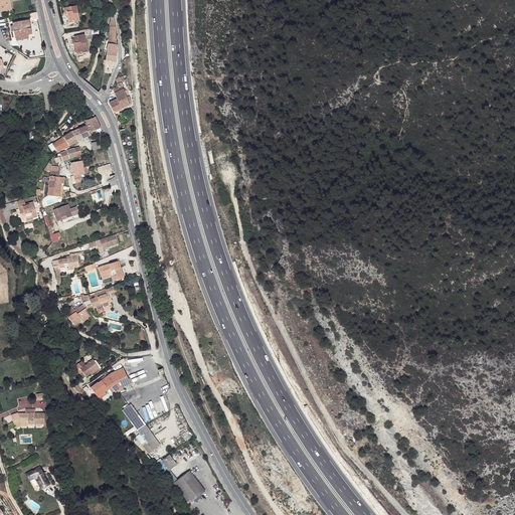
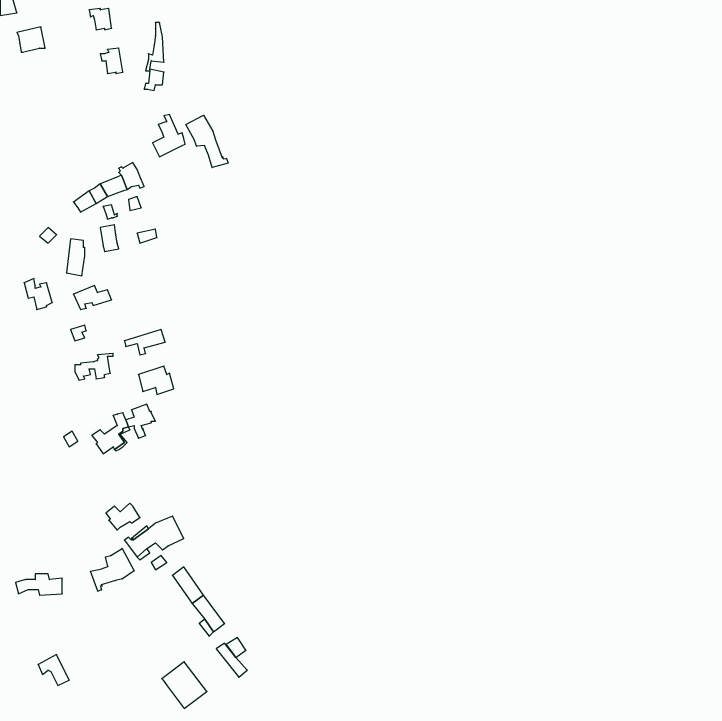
building: none -> [186,115,228,168]
building: none -> [90,548,134,591]
building: [173,470,205,503] -> [162,662,207,708]

